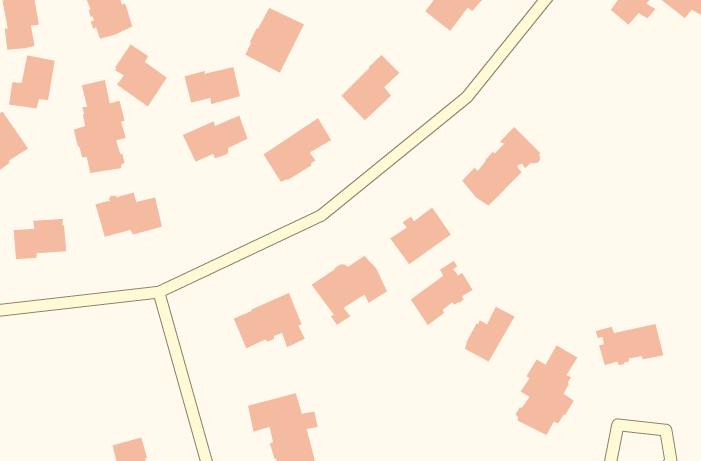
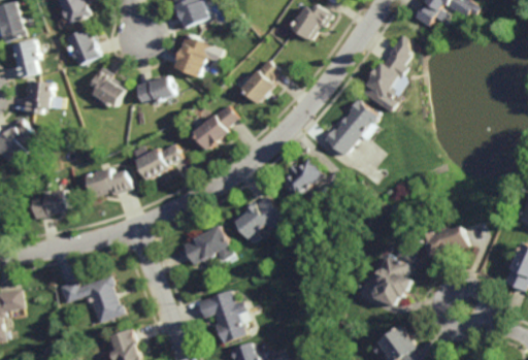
building: none -> [363,45,409,106]
building: [73,79,127,174] -> none
building: [182,115,249,162] -> [137,143,182,177]
building: [410,260,473,326] -> none
building: [464,306,516,363] -> none
building: none -> [58,274,124,322]

